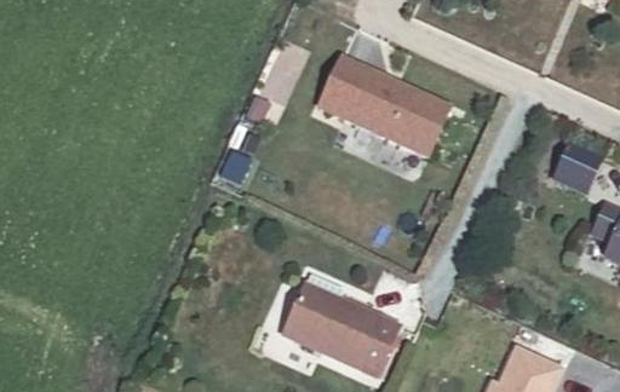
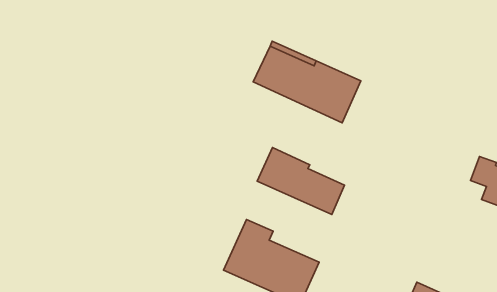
building: [556,145,602,192] -> none
building: none -> [257,148,345,214]

